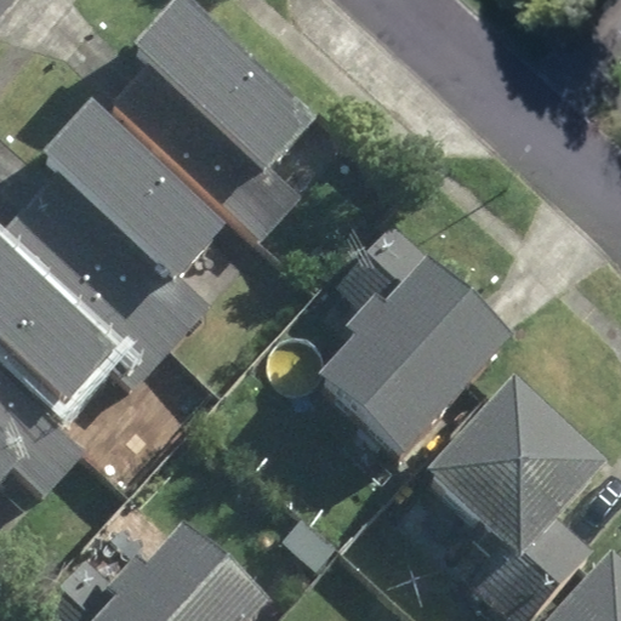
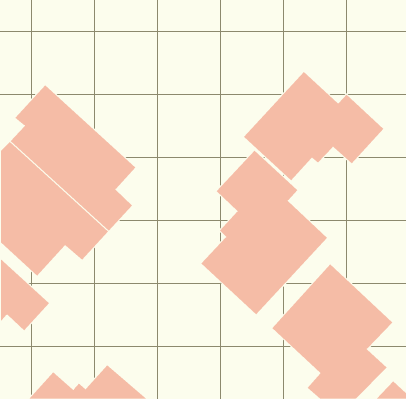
building: [110,19,307,241] -> none
building: none -> [243,71,384,181]

